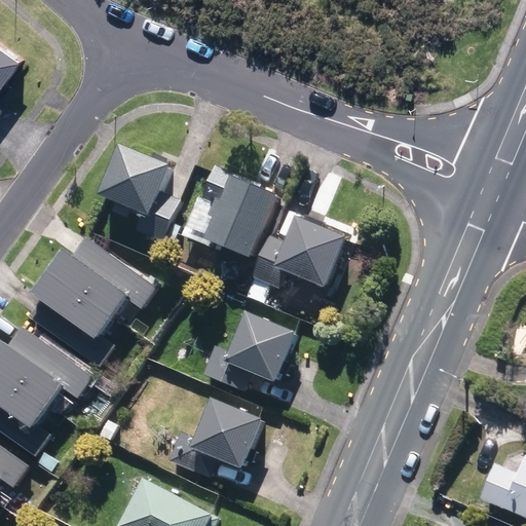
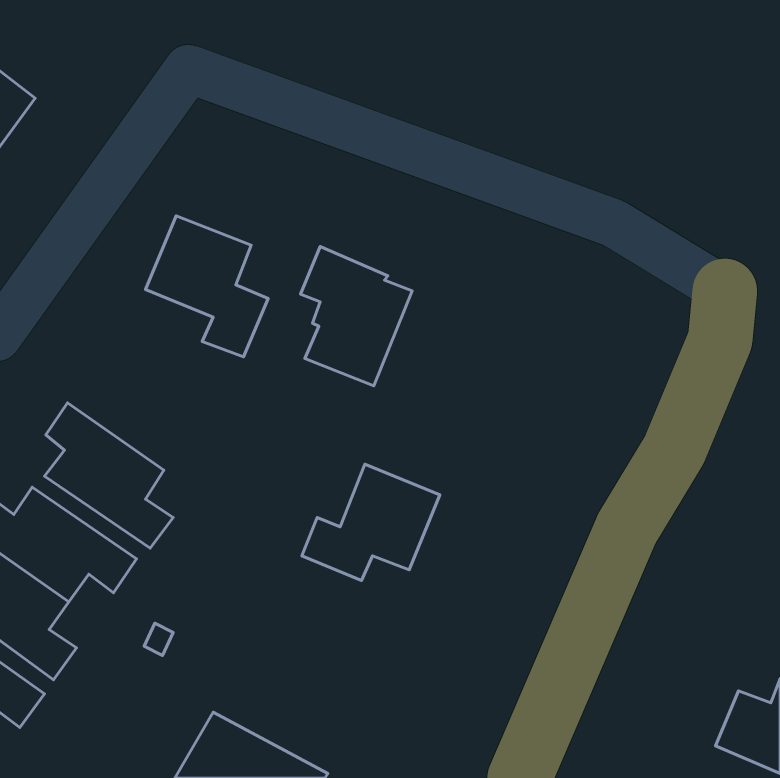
building: [253,216,344,288] -> none
building: [45,238,157,315] -> none
building: [170,398,262,479] -> none

